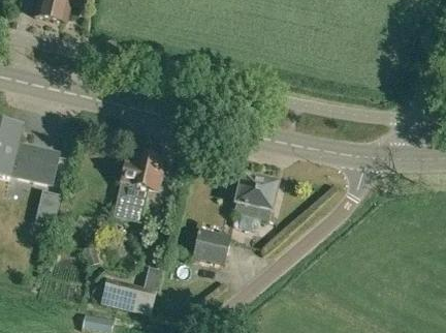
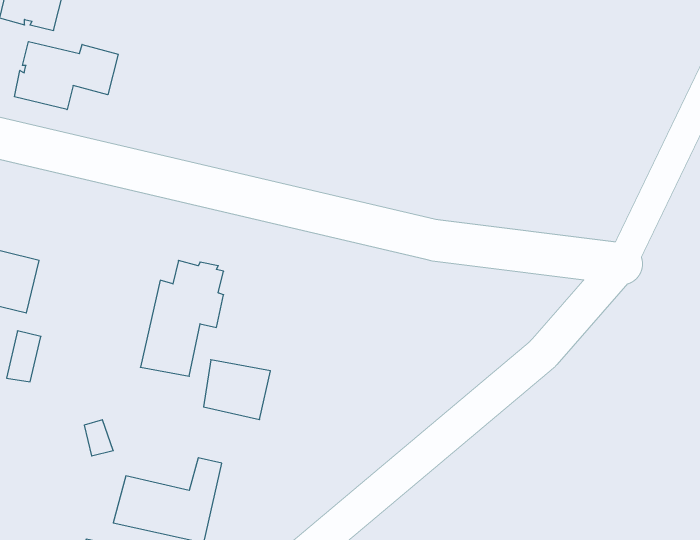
building: none -> [15,42,118,110]
building: [232,171,281,221] -> none
building: [192,229,230,263] -> [204,360,270,420]

